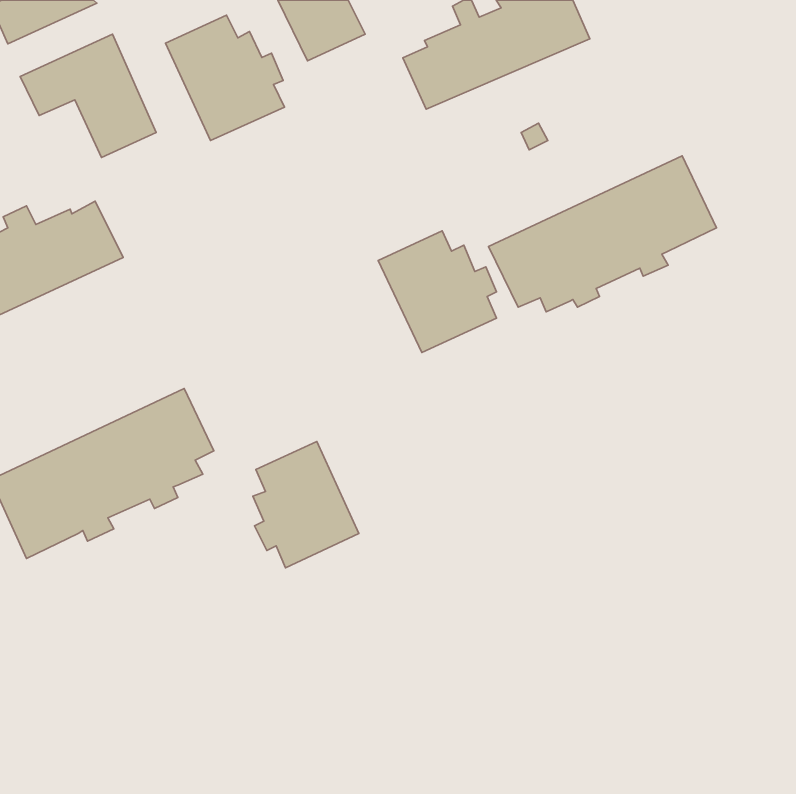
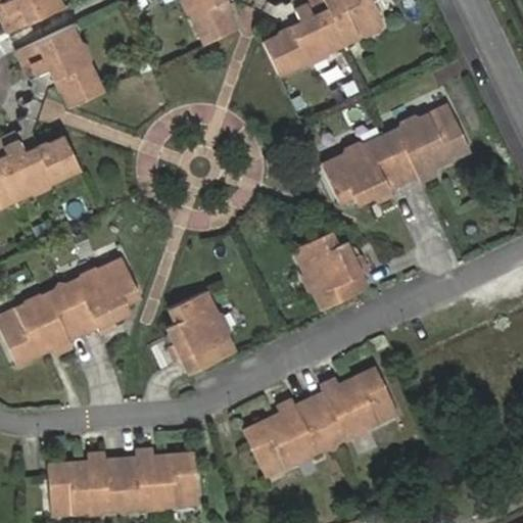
building: [165,15,285,141] -> none
building: [378,231,497,353] -> [291,231,369,311]
building: none -> [243,366,397,478]
building: none -> [47,447,198,518]

